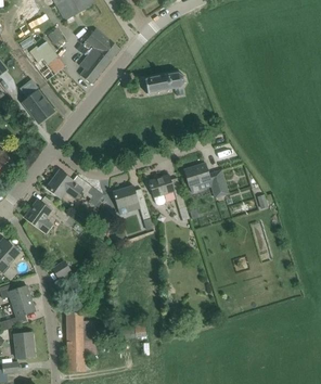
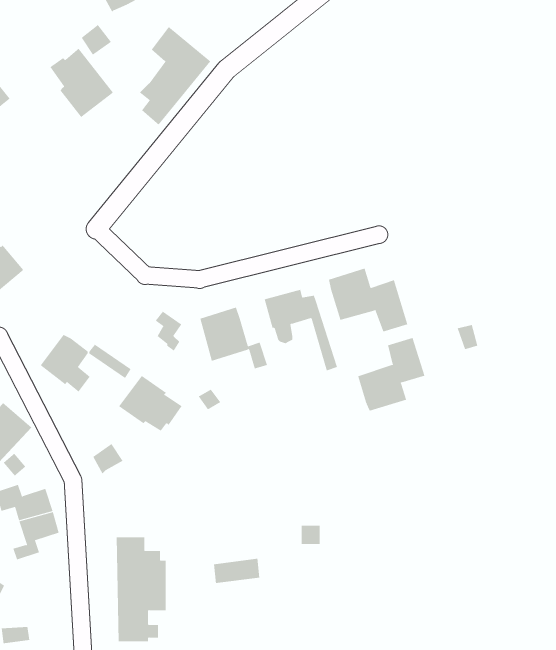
building: [143,72,184,95] -> none
building: [21,90,53,120] -> none
building: [46,170,81,202] -> [118,375,182,432]
building: none -> [358,337,425,411]
building: [13,332,34,358] -> none

